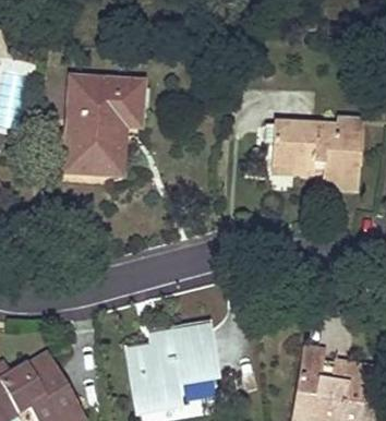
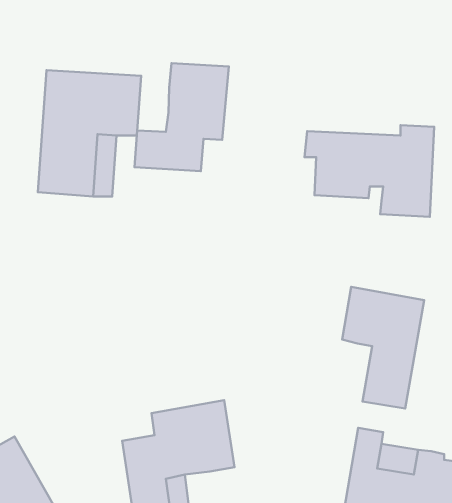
building: none -> [135,63,229,171]
building: none -> [342,287,424,409]

